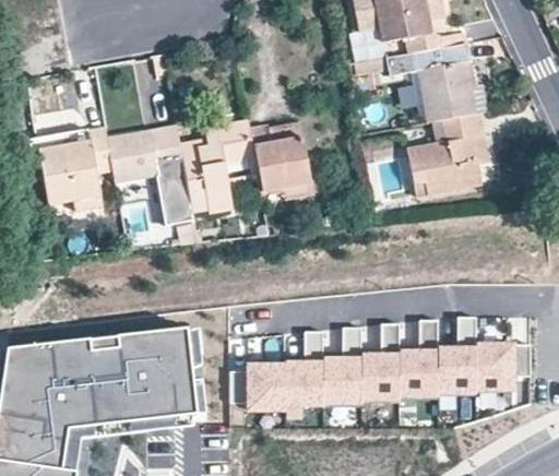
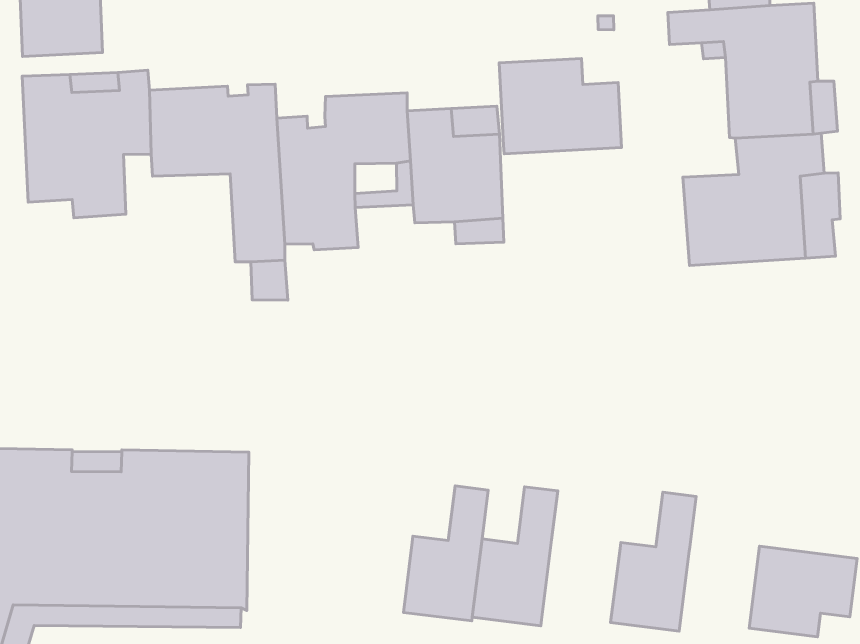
building: none -> [499,58,622,154]
building: [436,319,474,394] -> none
building: [359,325,397,401] -> none
building: [228,367,283,412] -> none

